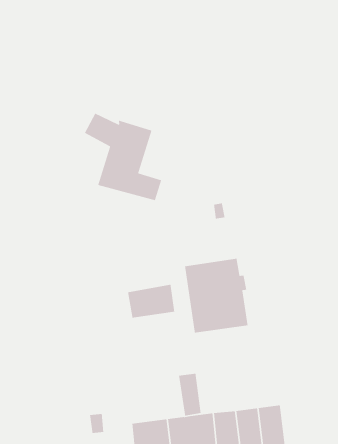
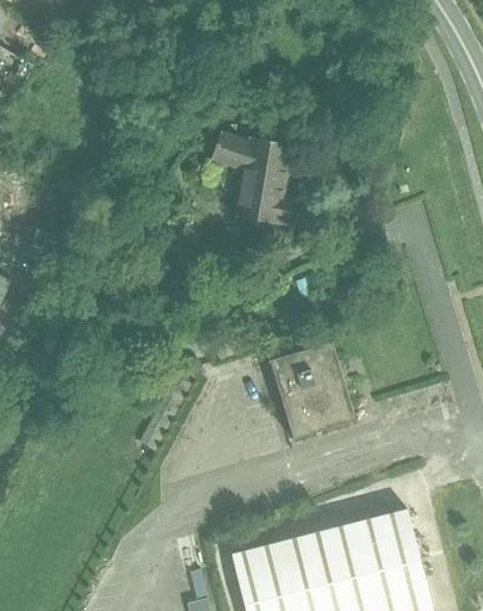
building: [84,113,162,201] -> [211,131,311,227]
building: [127,284,175,319] -> none
building: [178,373,201,416] -> none

